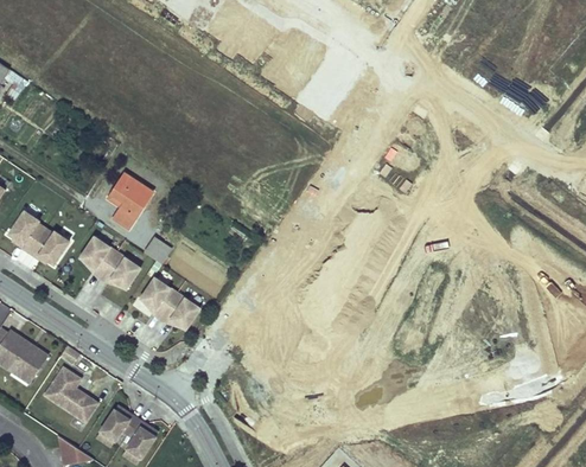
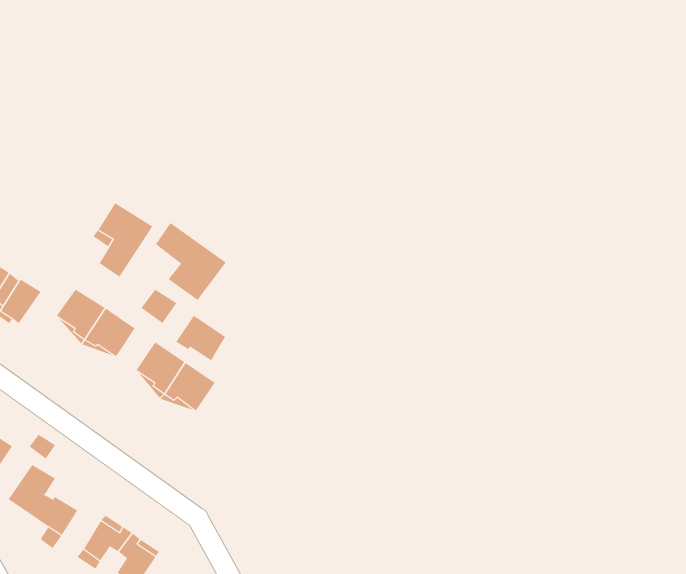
building: none -> [155,222,227,301]
building: none -> [176,315,226,361]

